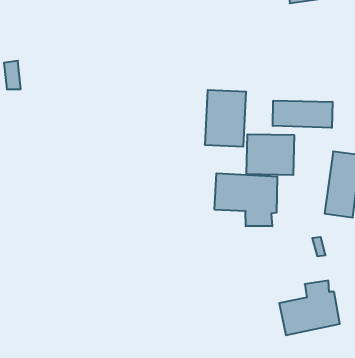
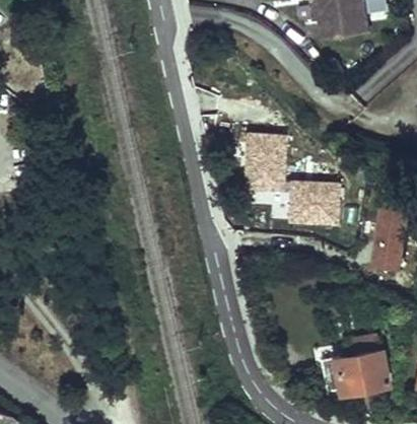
building: [273,101,332,128] -> none
building: [215,173,277,226] -> none

